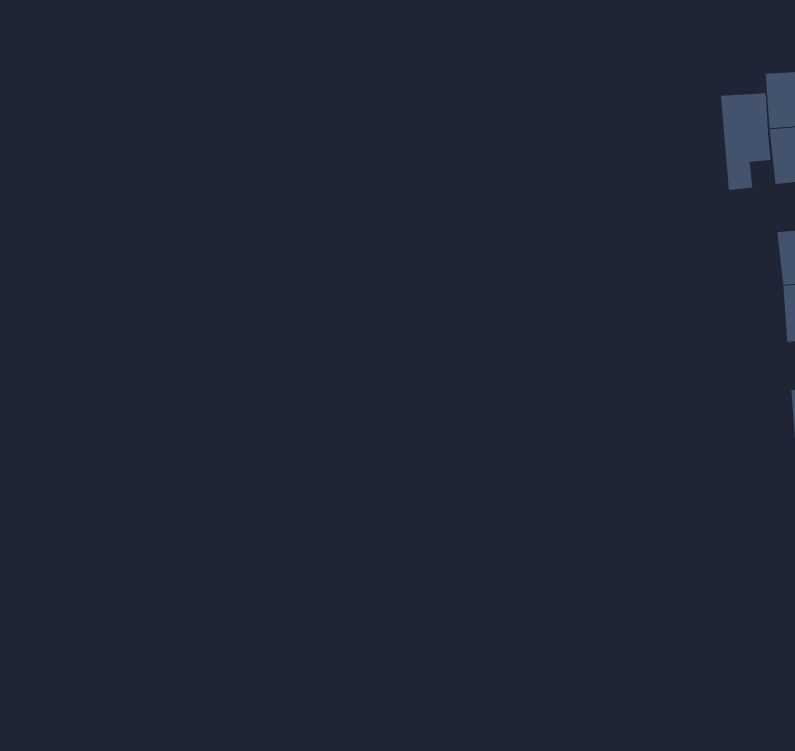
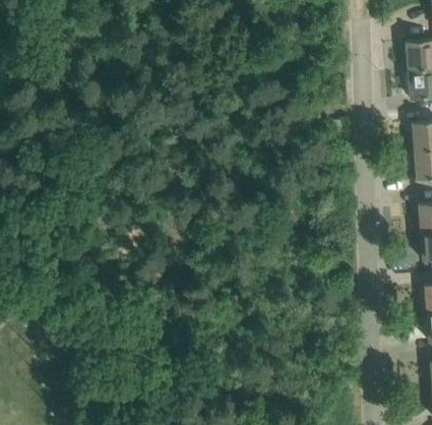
building: [720,92,771,191] -> none

